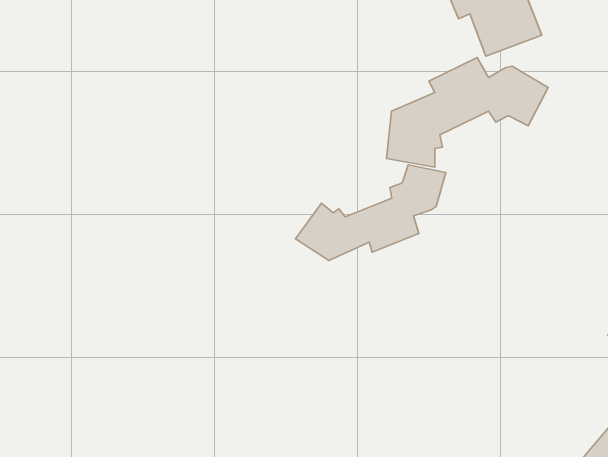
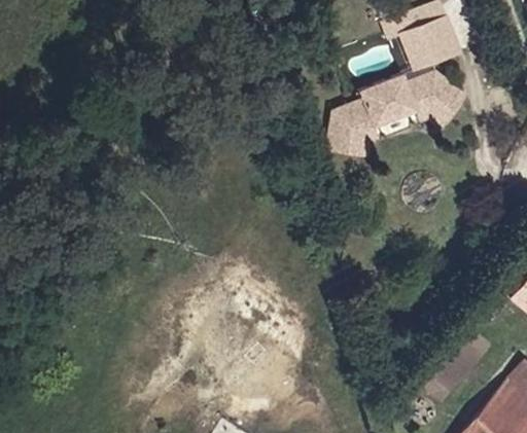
building: [295,165,446,260] -> none

